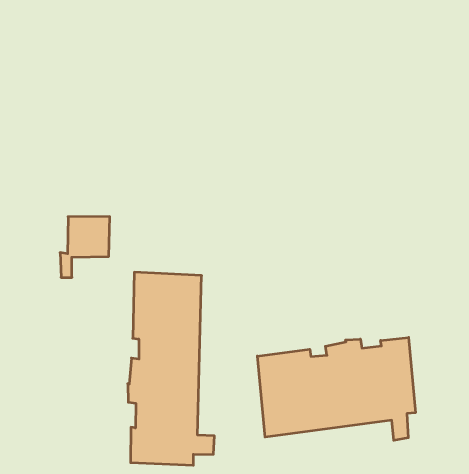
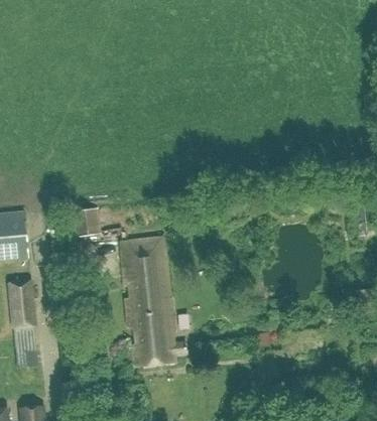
building: [257,337,415,440] -> none

